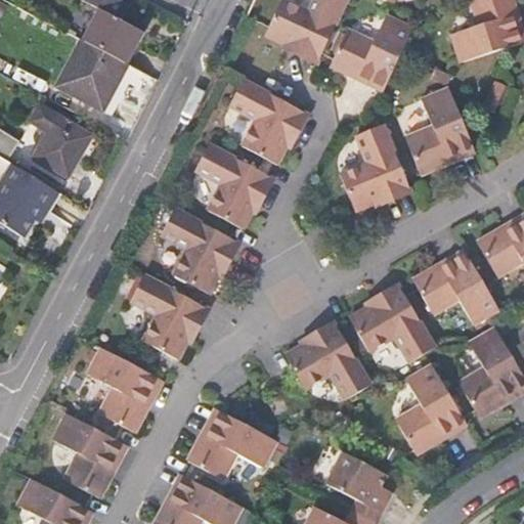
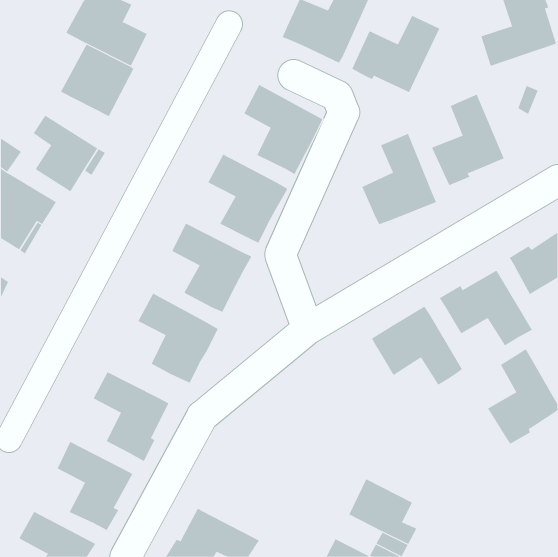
building: [286,324,370,401] -> none
building: [395,362,464,453] -> none
building: [188,410,277,479] -> none

